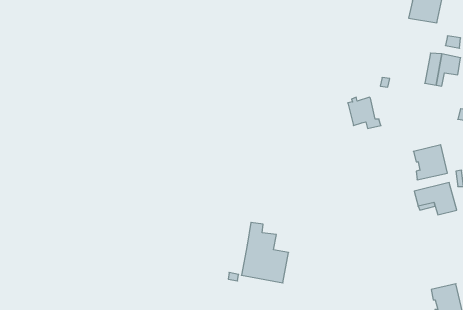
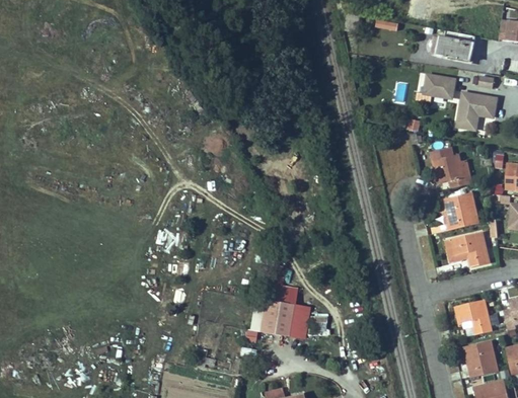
building: none -> [423,72,457,98]
building: [348,97,381,128] -> [433,153,468,186]
building: none -> [454,300,491,334]

